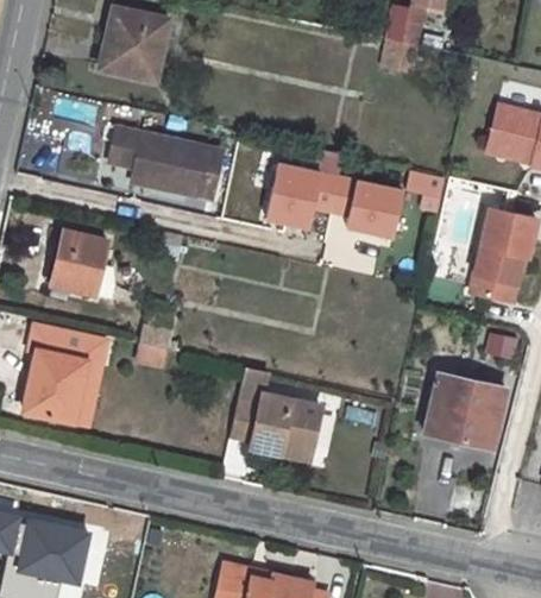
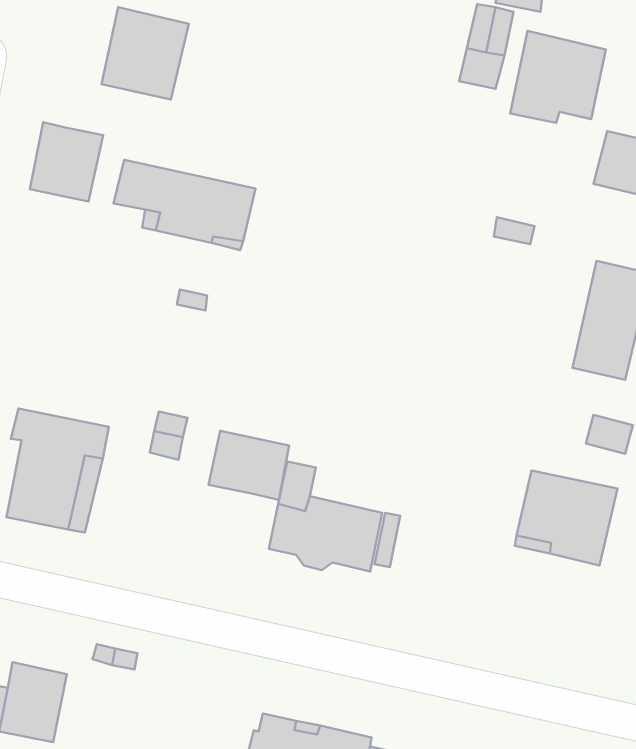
building: none -> [510,31,606,123]
building: none -> [30,122,103,202]
building: [264,158,404,232] -> none
building: [51,231,115,300] -> none
building: none -> [208,431,289,500]

